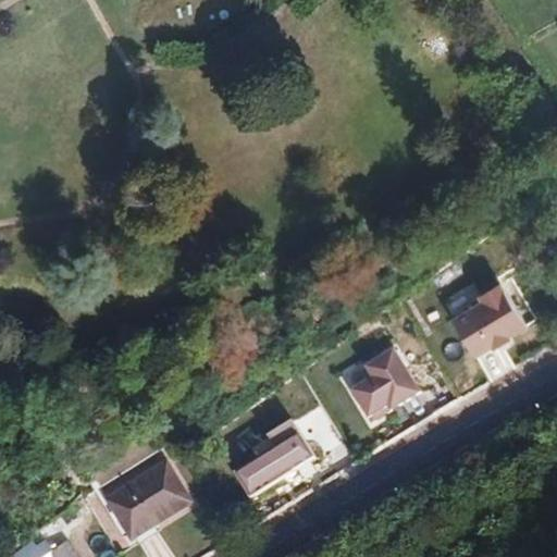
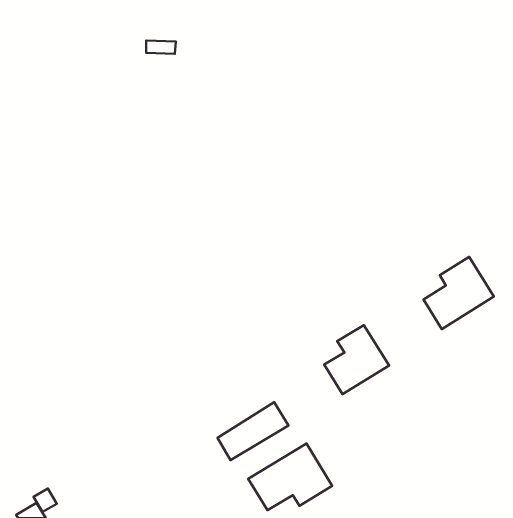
building: [100,457,189,539] -> none
building: none -> [248,444,332,510]

